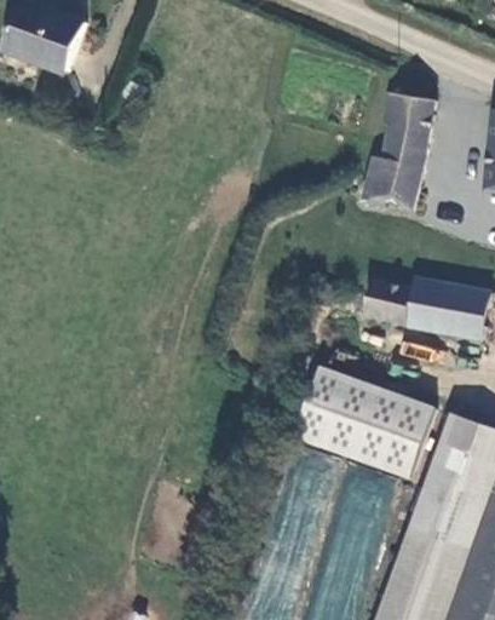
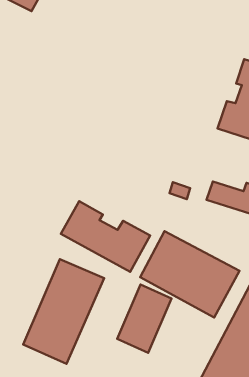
building: none -> [61,201,150,272]
building: none -> [23,259,104,364]

